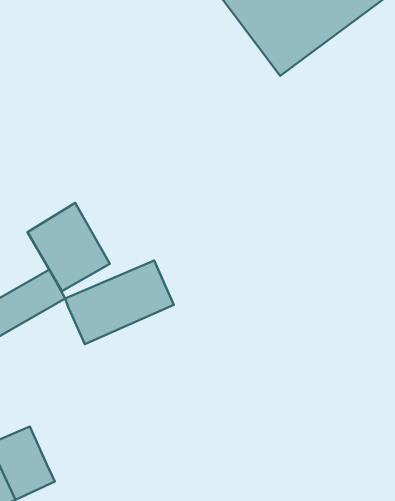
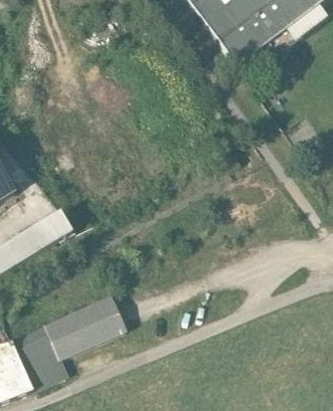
building: [27,203,110,291] -> none
building: [65,260,174,344] -> [43,296,127,361]

